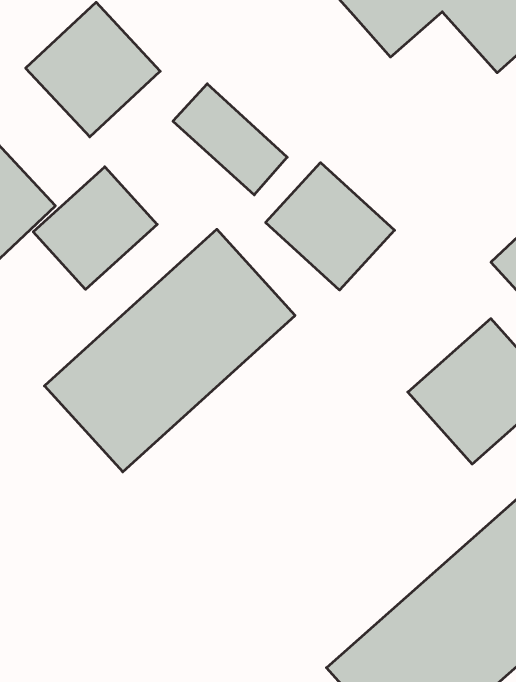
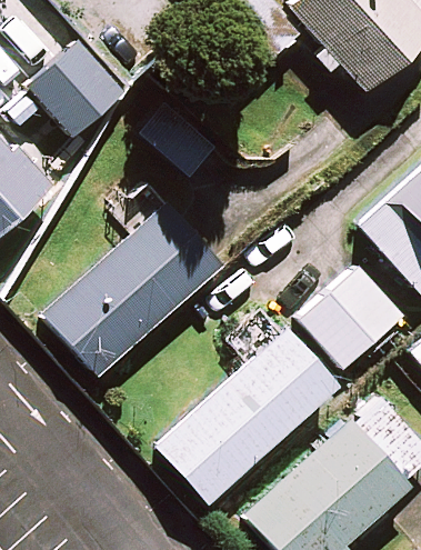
building: [266,163,395,290] -> none
building: [33,167,157,289] -> none
building: none -> [156,312,334,503]

